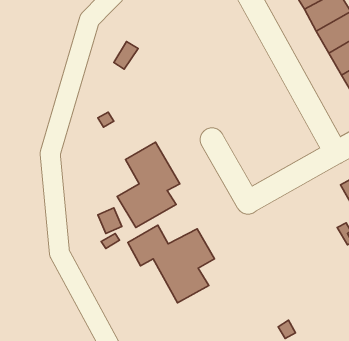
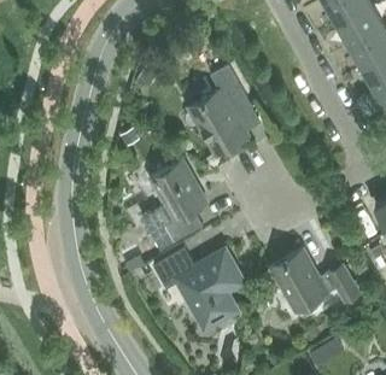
building: none -> [189,68,252,158]
building: none -> [271,252,359,314]

